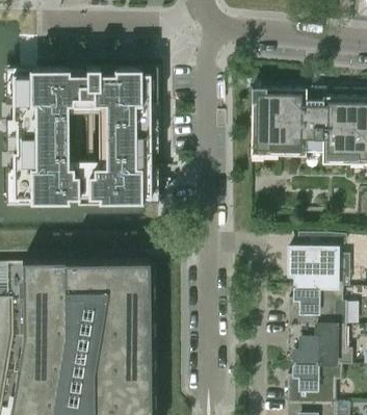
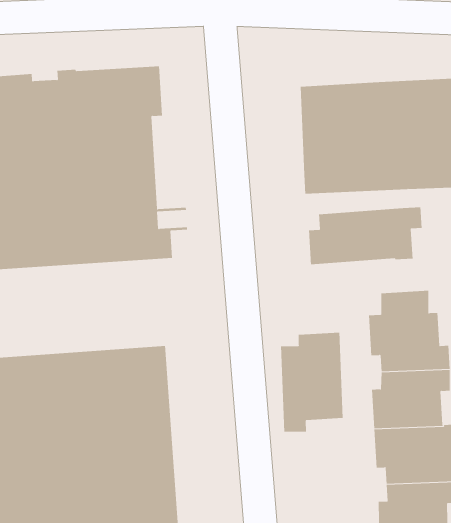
building: none -> [308,206,422,265]
building: none -> [281,332,343,432]

